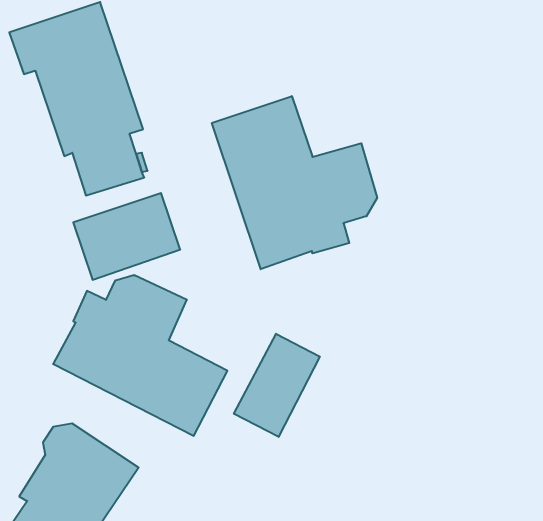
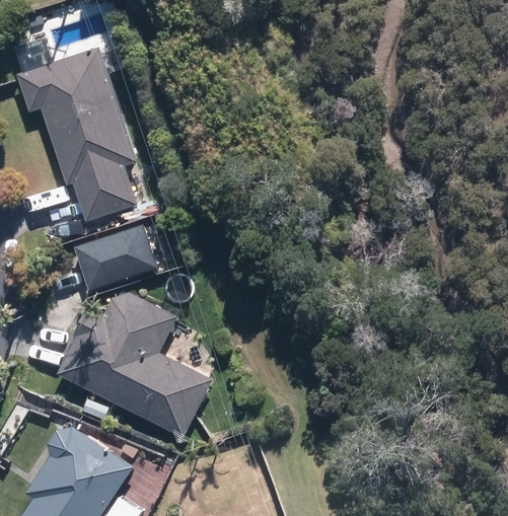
building: [212,96,377,269] -> none
building: [234,334,320,437] -> none

